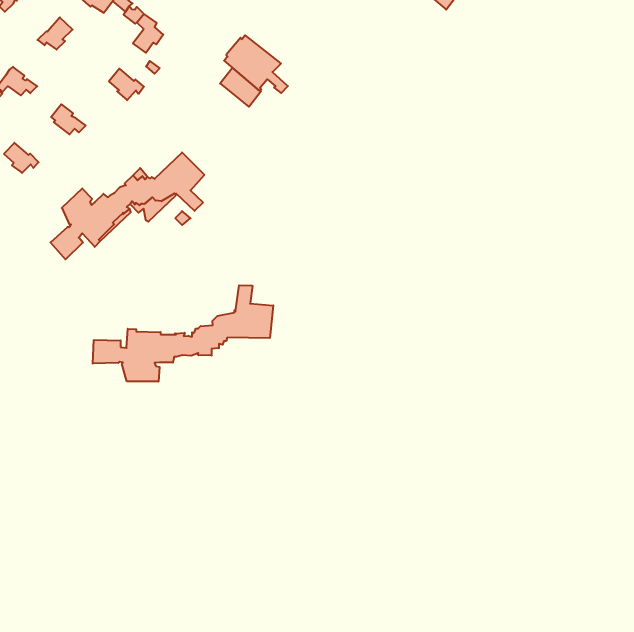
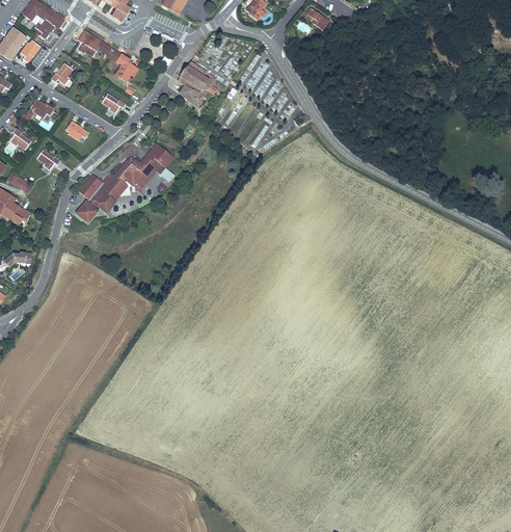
building: [93,285,273,382] -> none

